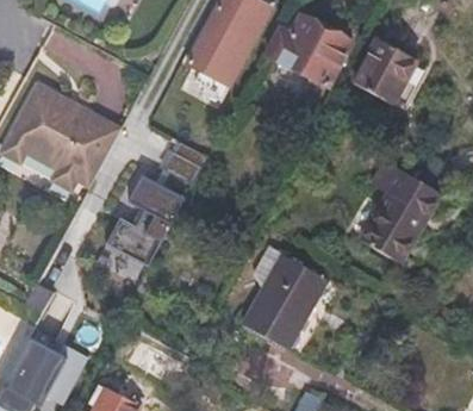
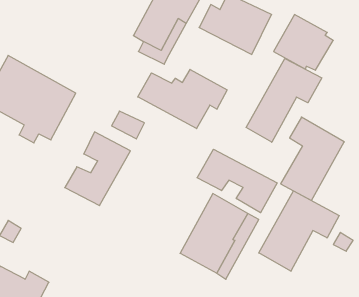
building: none -> [246,58,322,142]
building: none -> [138,69,227,129]
building: none -> [197,149,277,213]
building: none -> [259,191,339,271]

